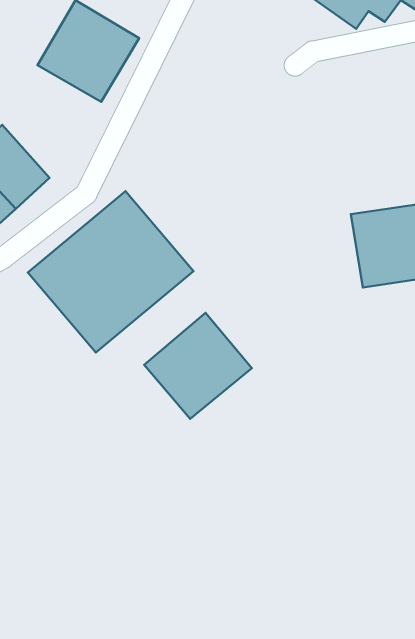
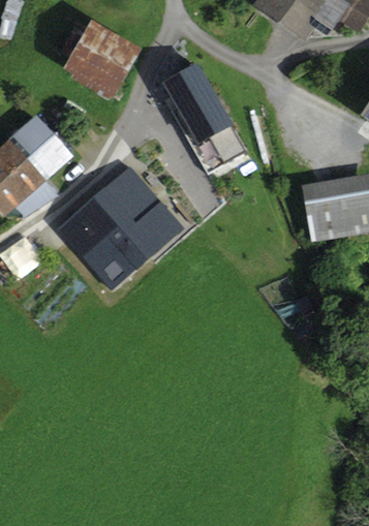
building: none -> [161,63,245,175]
building: [144,313,252,419] -> none

